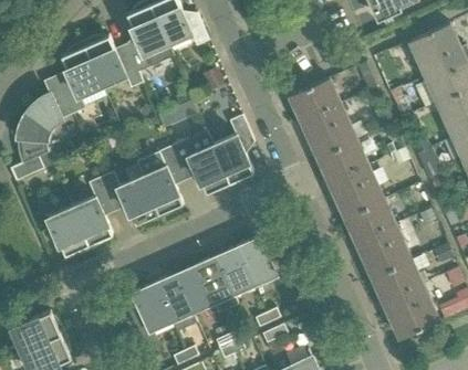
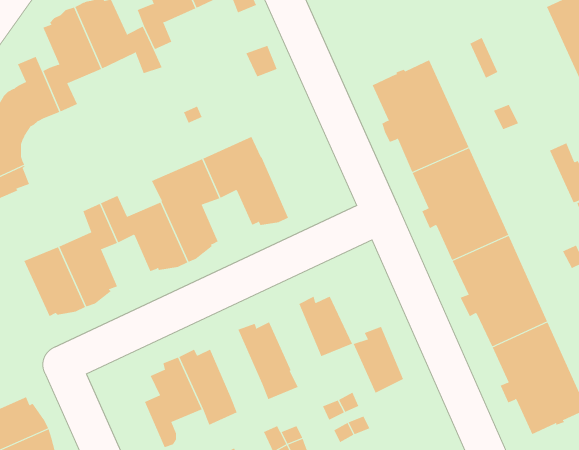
building: [212,115,254,188] -> none
building: [218,247,253,294] -> [353,326,404,393]
building: [177,265,212,311] -> none

